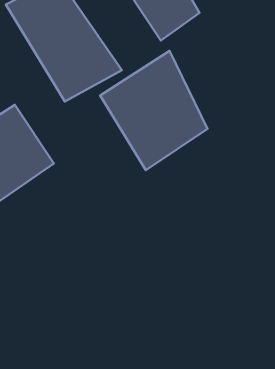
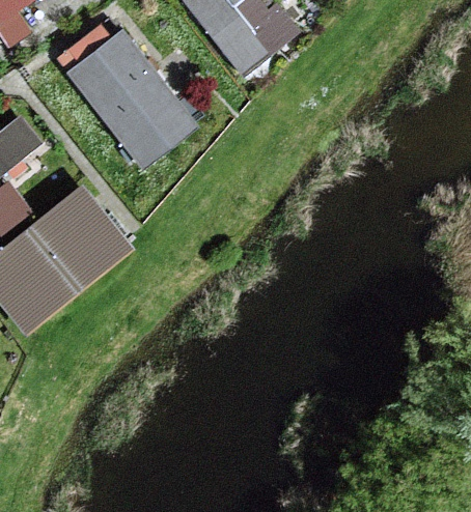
building: [100,51,208,170] -> none

